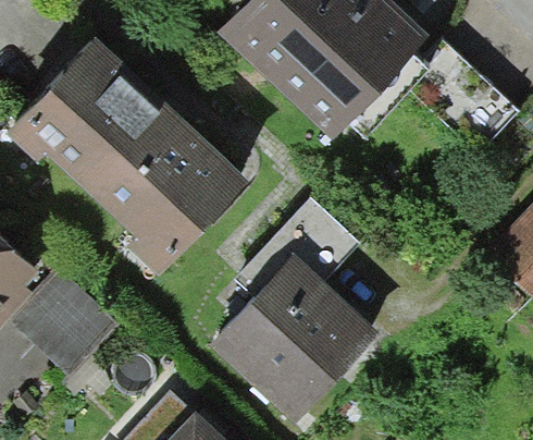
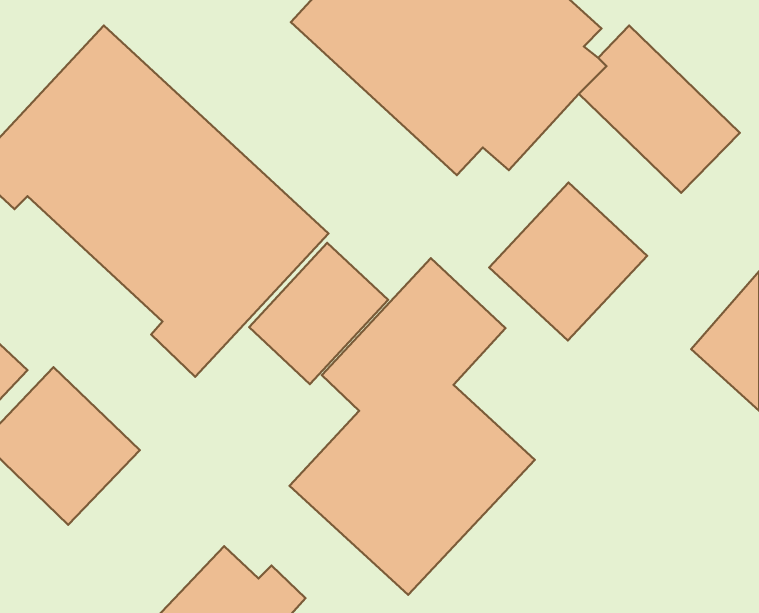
building: none -> [489,183,647,341]
building: none -> [249,243,388,384]

